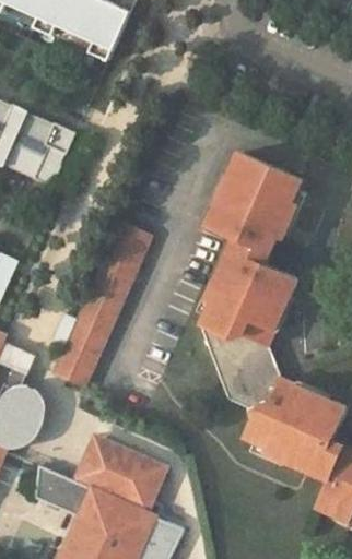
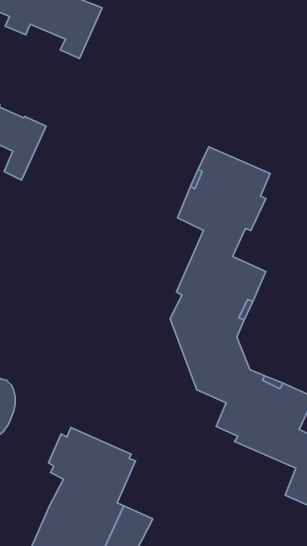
building: [50,219,150,386] -> none
building: [34,465,92,516] -> none

